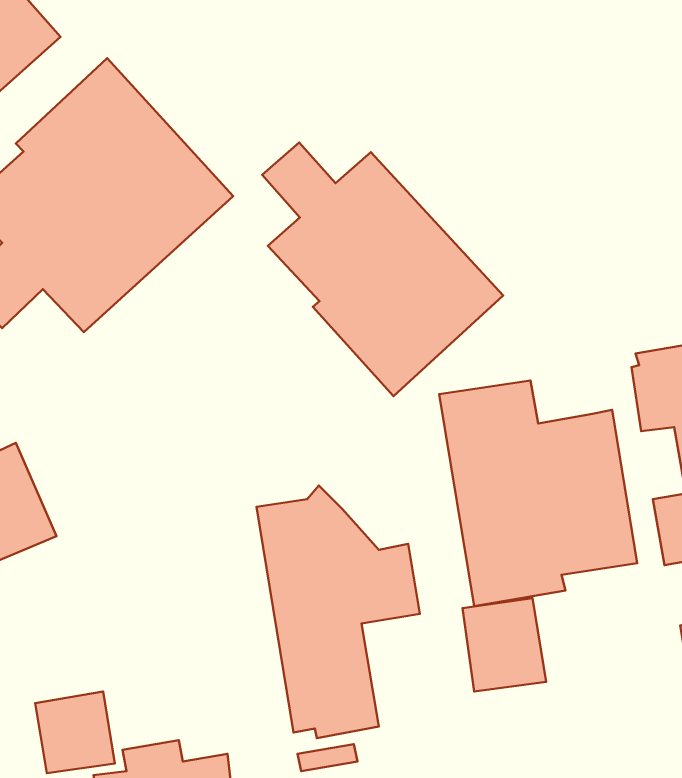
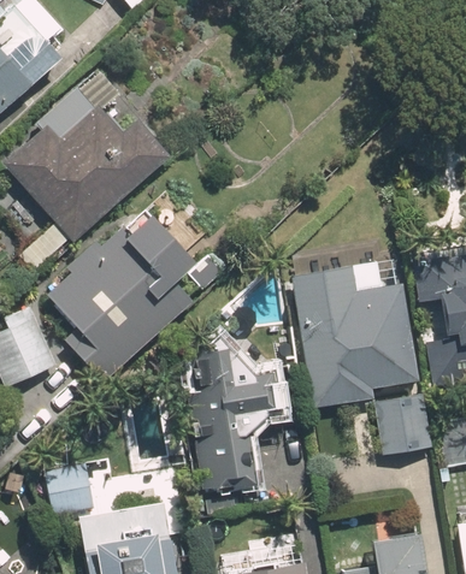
building: [262,143,503,396] -> none
building: none -> [45,211,222,385]
building: [463,598,546,692] -> [379,398,431,456]

